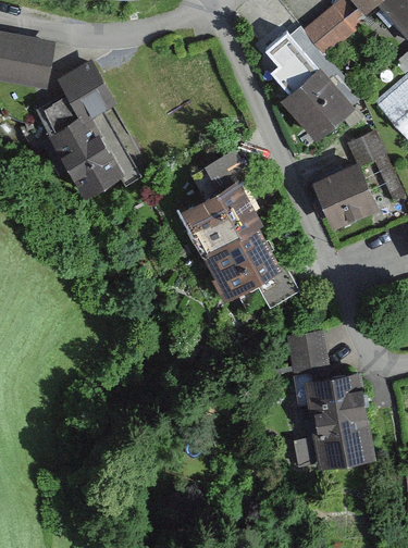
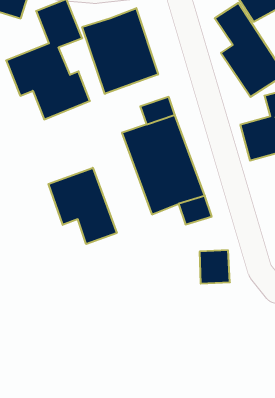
building: none -> [82,8,158,94]
building: none -> [48,168,117,244]
building: [300,370,375,471] -> none

